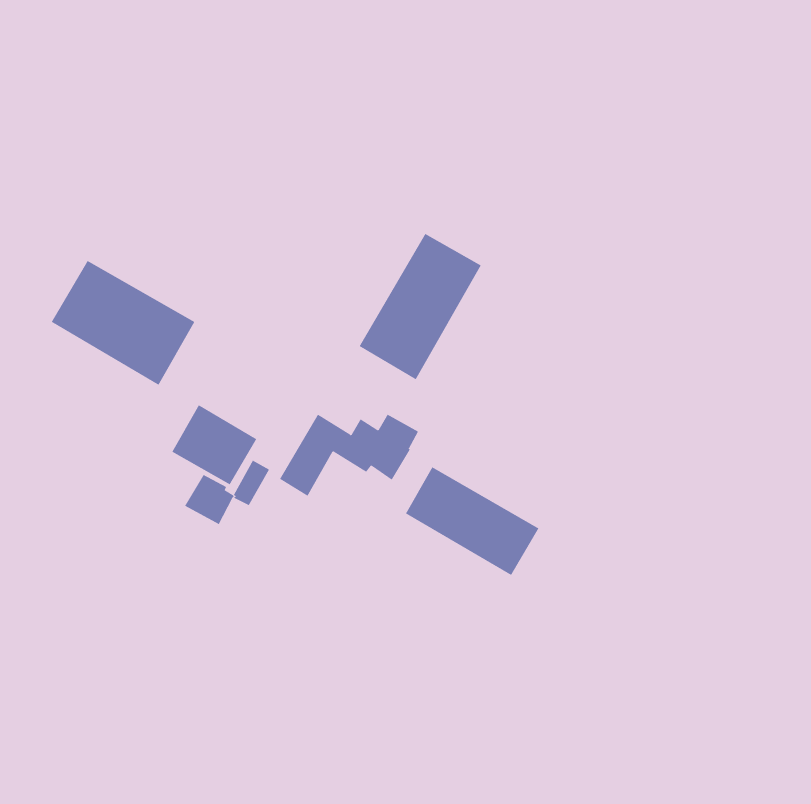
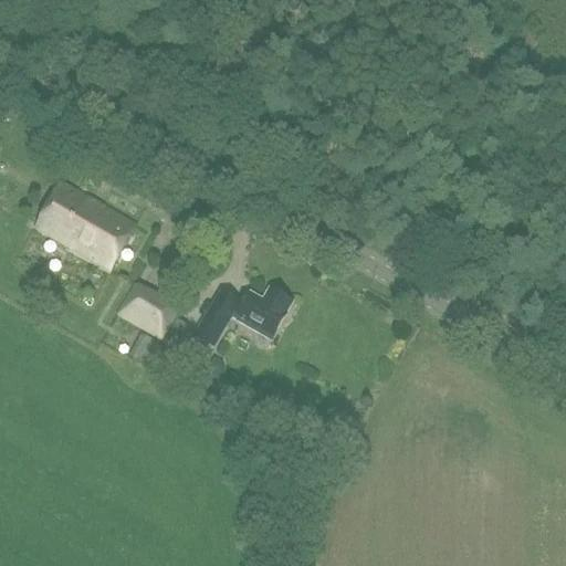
building: [359,233,482,380] -> none
building: [405,467,539,576] -> none

